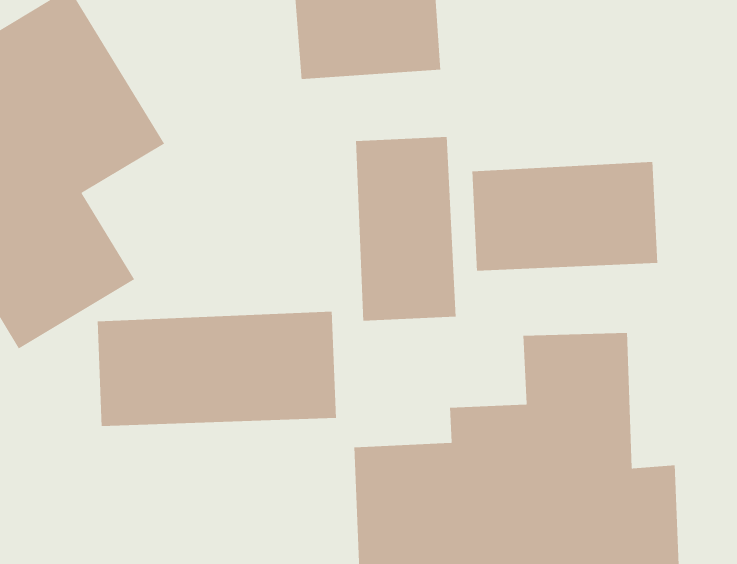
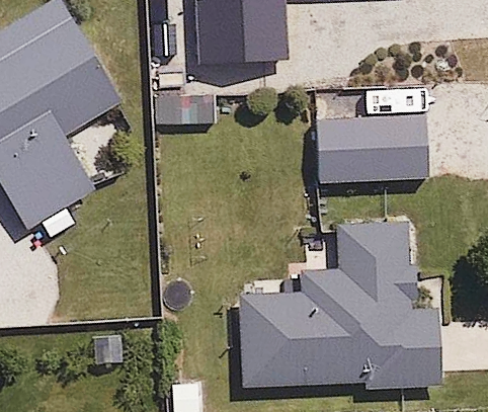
building: [355,136,457,322] -> none
building: [97,311,337,427] -> none

